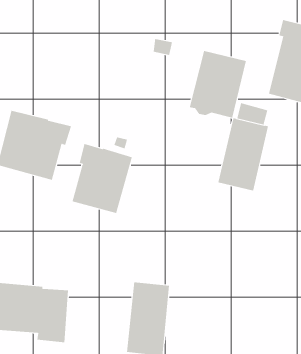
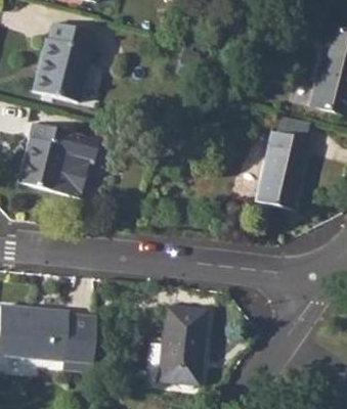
building: none -> [33,21,93,101]
building: [189,50,246,118] -> none
building: [72,143,133,214] -> none

